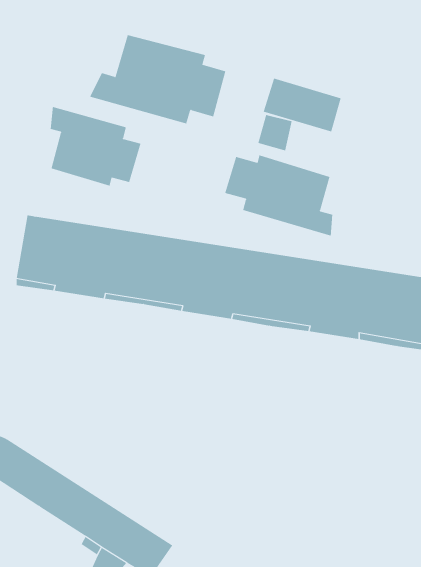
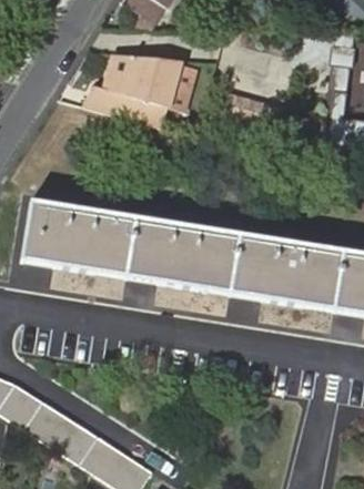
building: [50,106,141,187] -> none
building: [225,154,333,236] -> none

